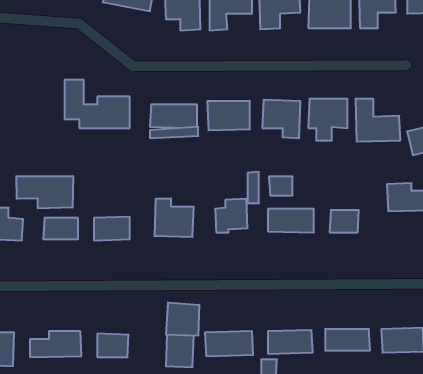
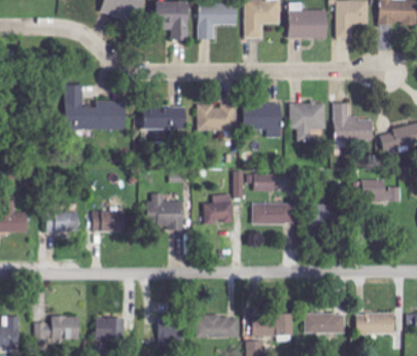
building: [16,176,73,208] -> none
building: [166,302,199,336] -> none

